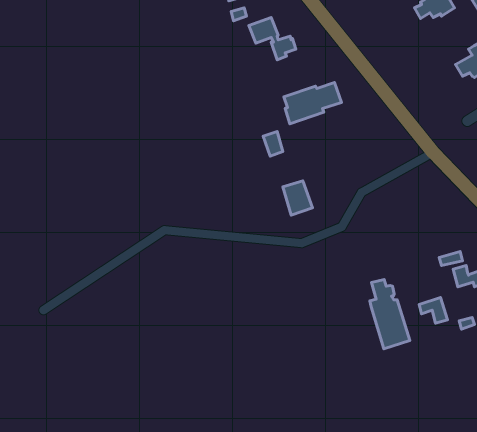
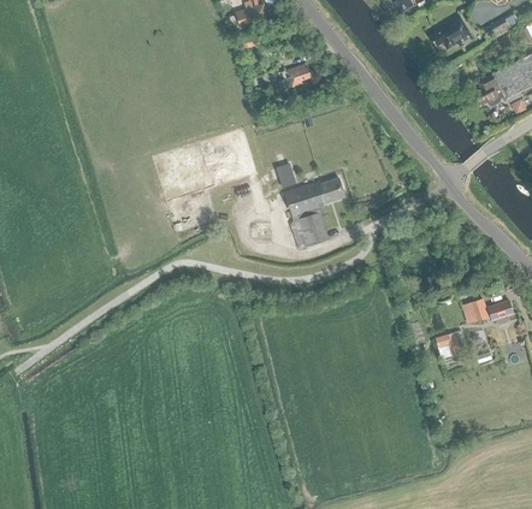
building: [284,83,341,124] -> [284,176,343,218]
building: [370,279,410,349] -> none

